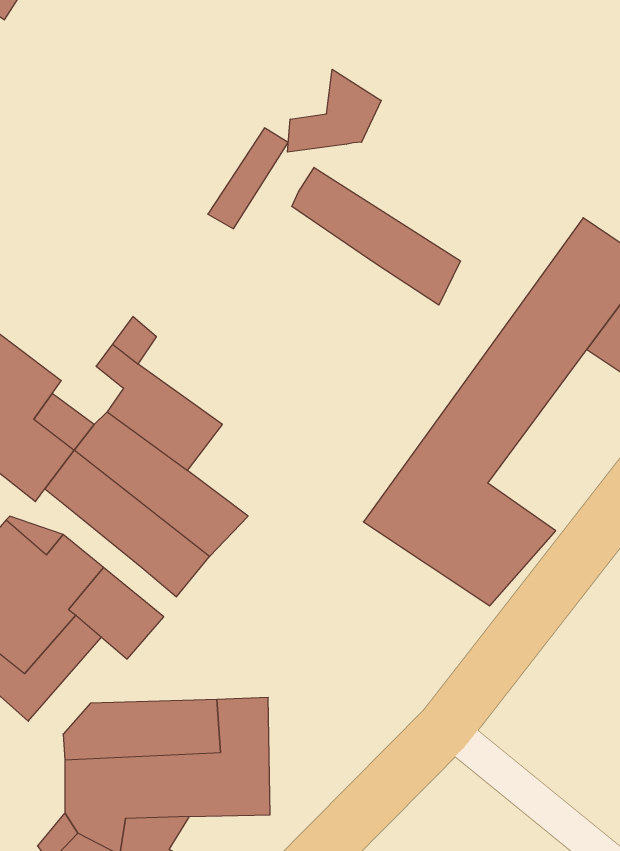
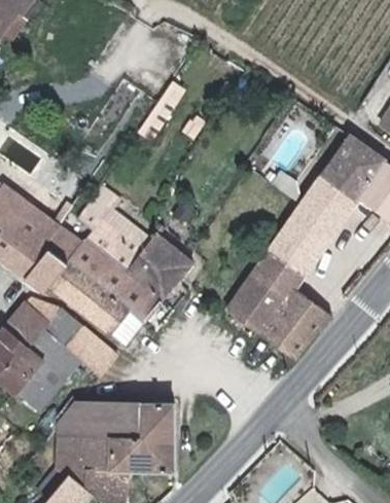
building: [288,69,381,152] -> none
building: [292,167,461,305] -> none
building: none -> [128,235,197,299]

